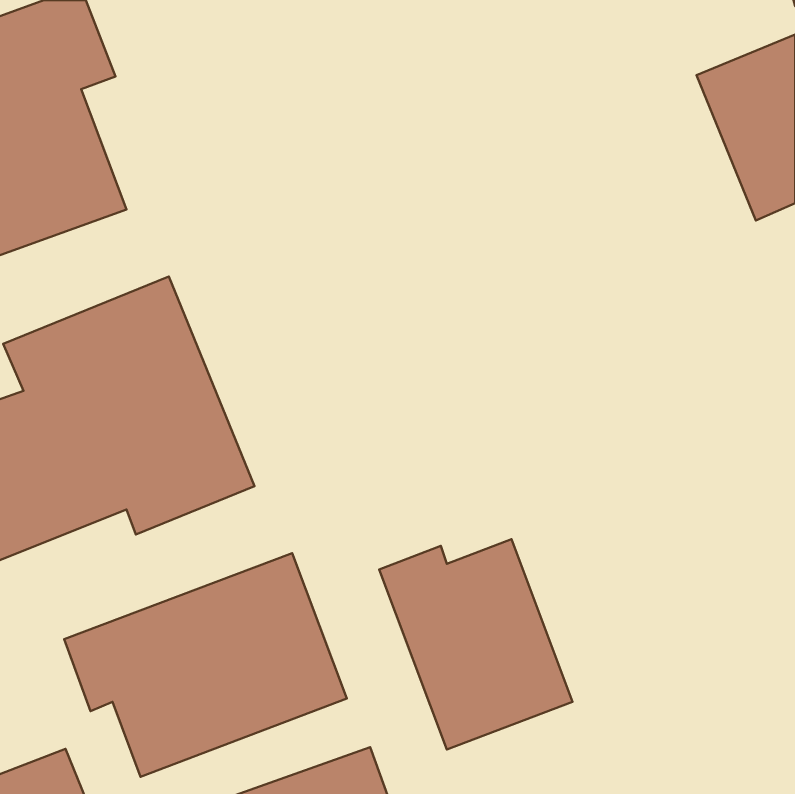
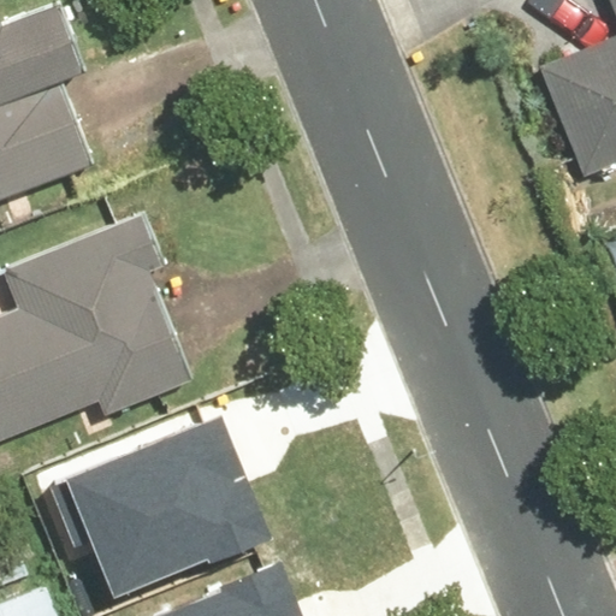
building: [379,539,572,749] -> none

